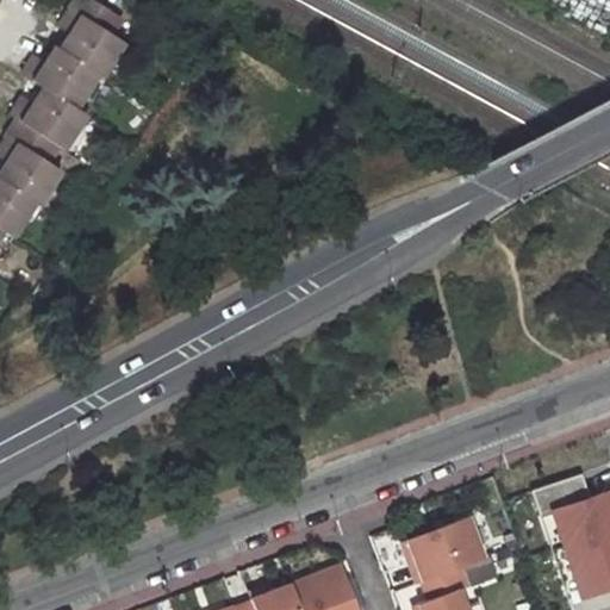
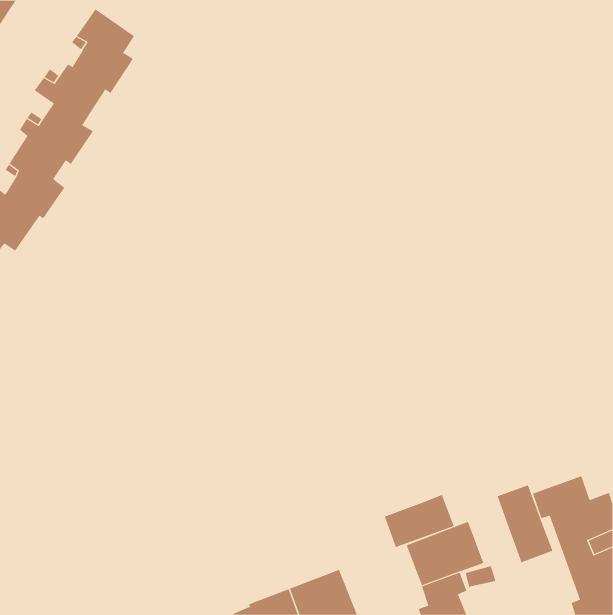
building: none -> [497,485,553,563]
building: none -> [384,494,454,548]

